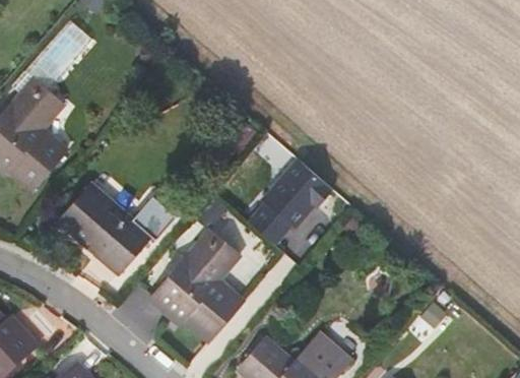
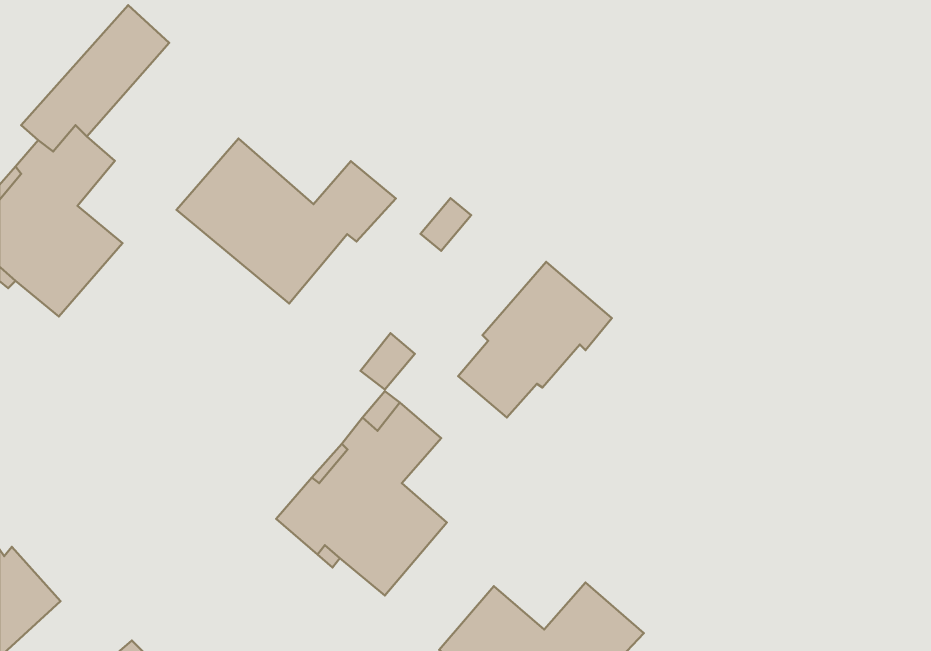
building: [58,185,177,274] -> [177,139,396,303]

